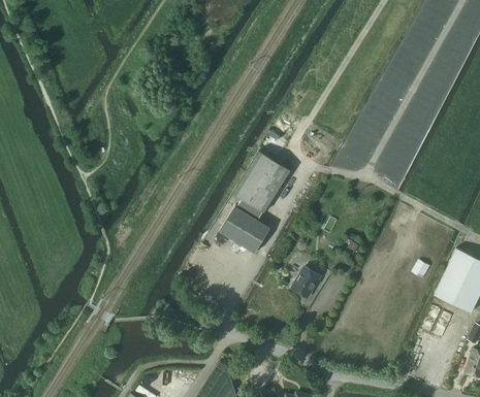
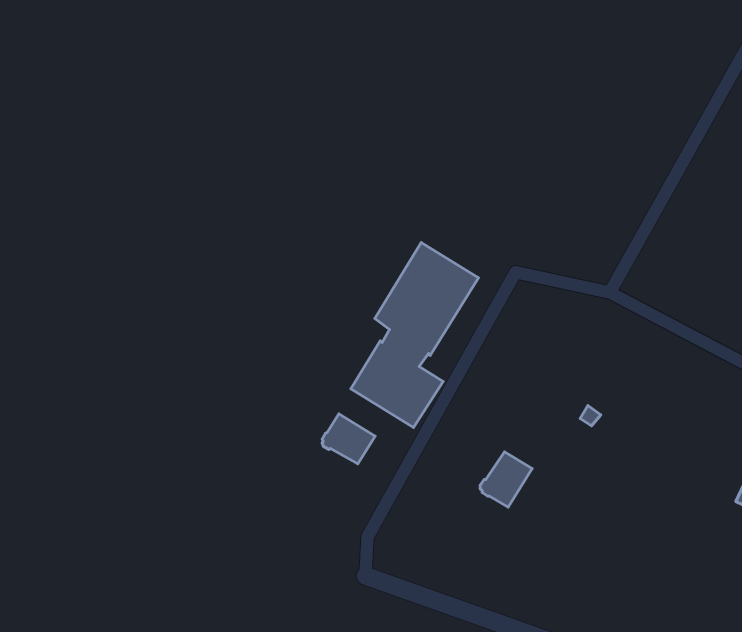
building: none -> [322,414,375,464]

